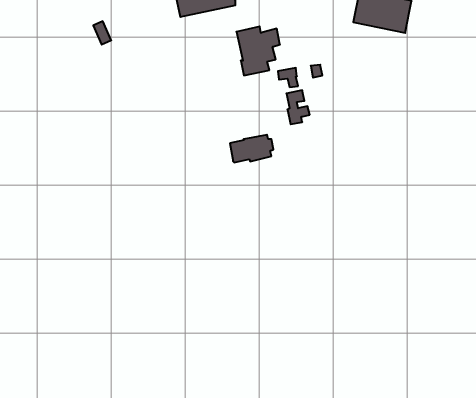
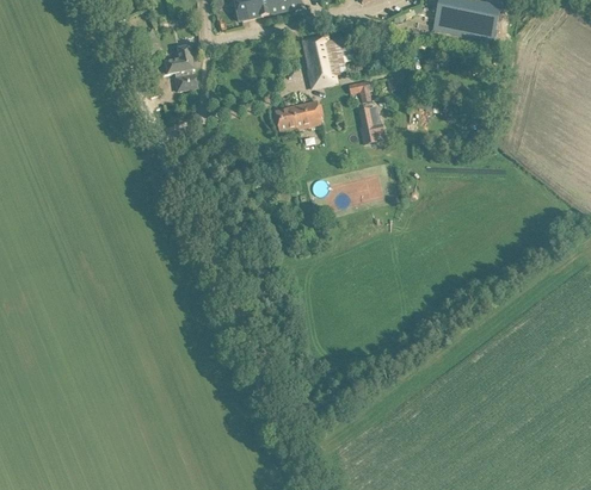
building: none -> [164,43,196,88]
building: [230,135,273,162] -> [273,99,322,130]

